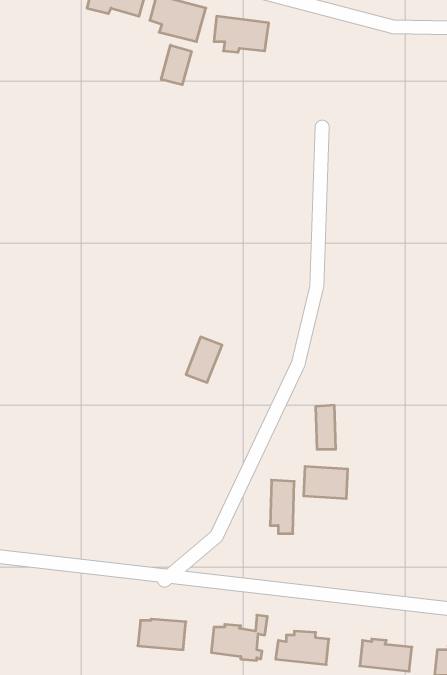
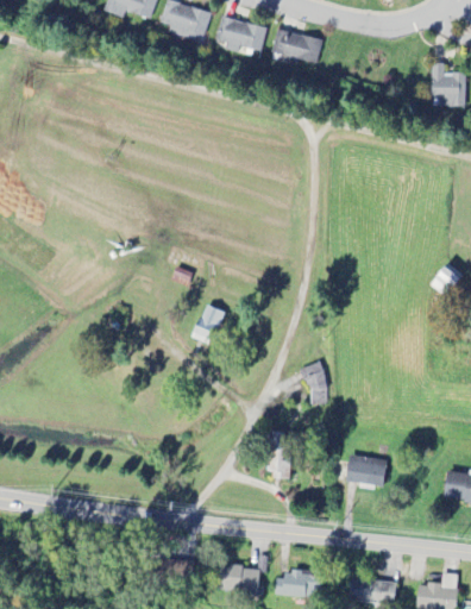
building: none -> [272,31,324,65]
building: [161,45,191,85] -> none
building: [304,466,348,499] -> [347,458,387,486]

